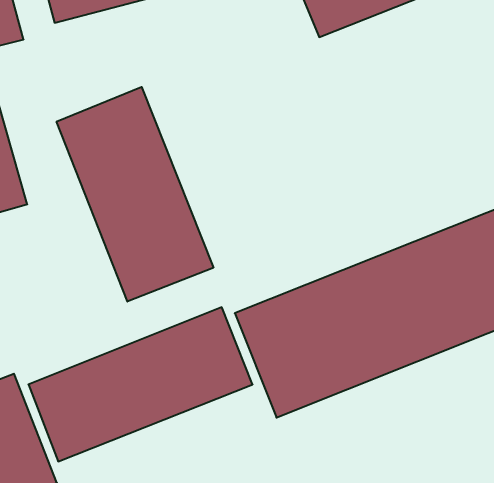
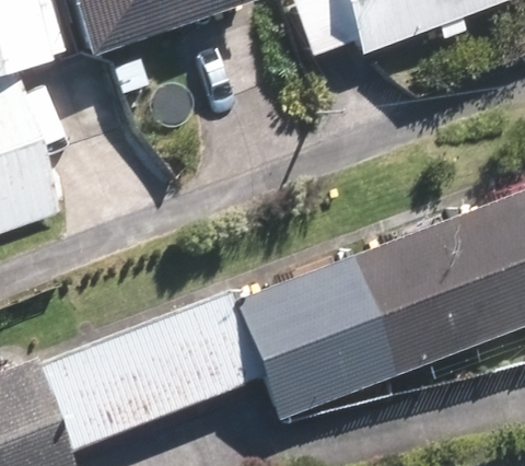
building: [57,87,213,302] -> none

